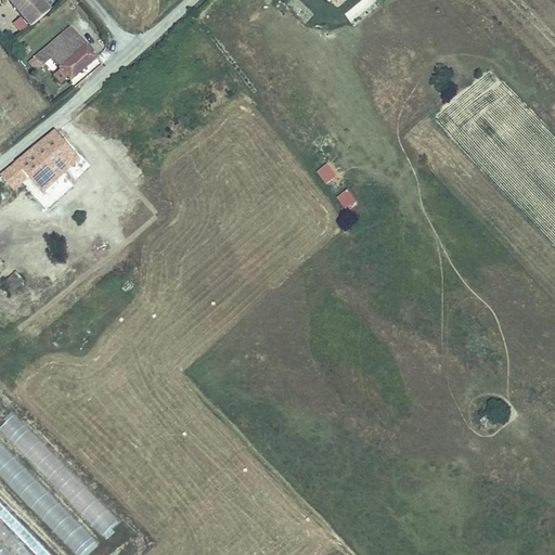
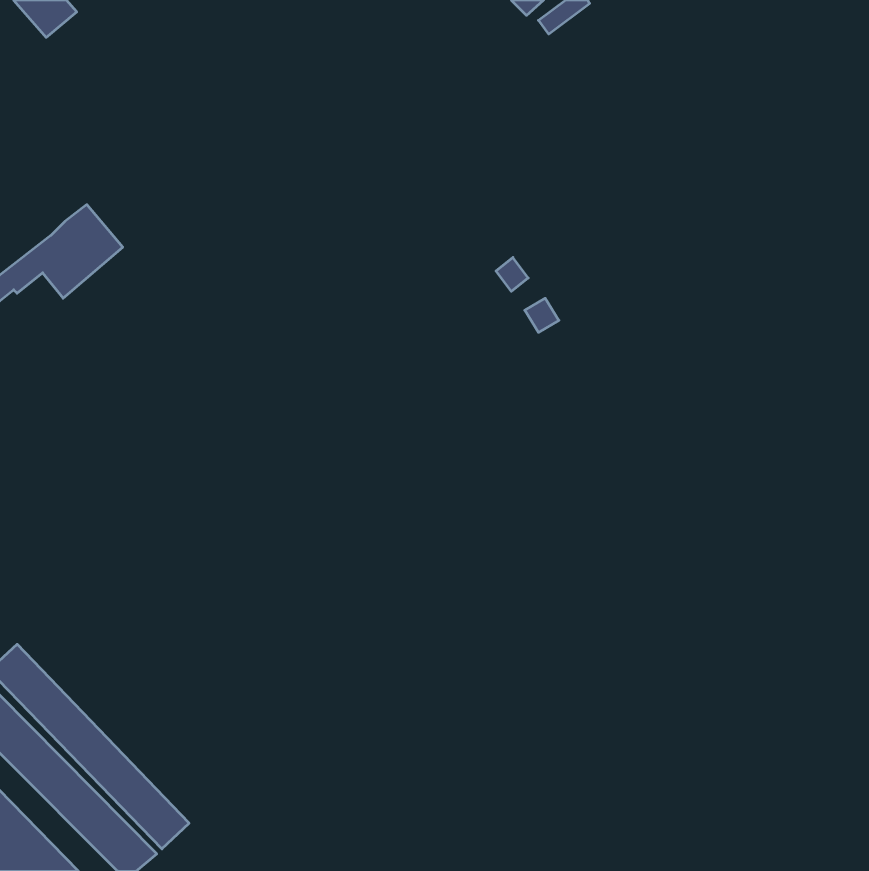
building: [28,24,98,81] -> none

